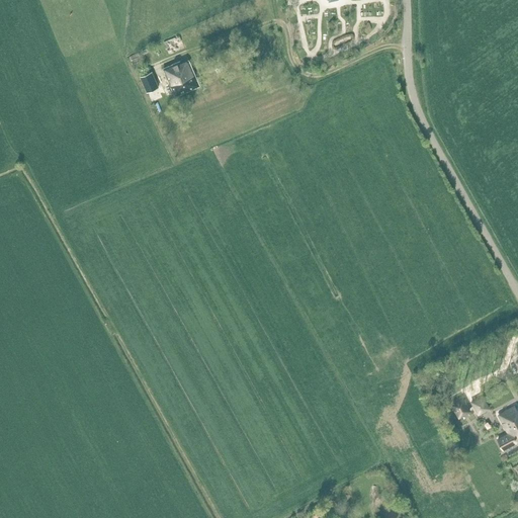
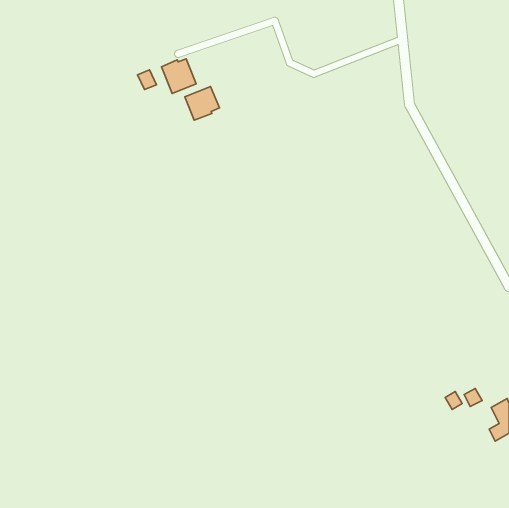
building: none -> [185,86,219,120]

